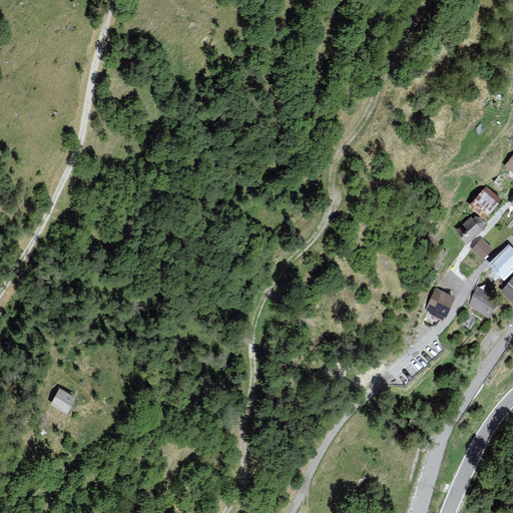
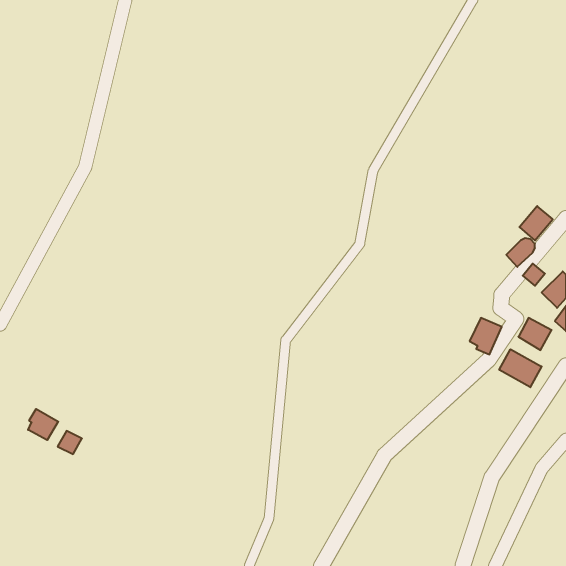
building: none -> [499,349,542,387]
building: none -> [28,409,58,440]

